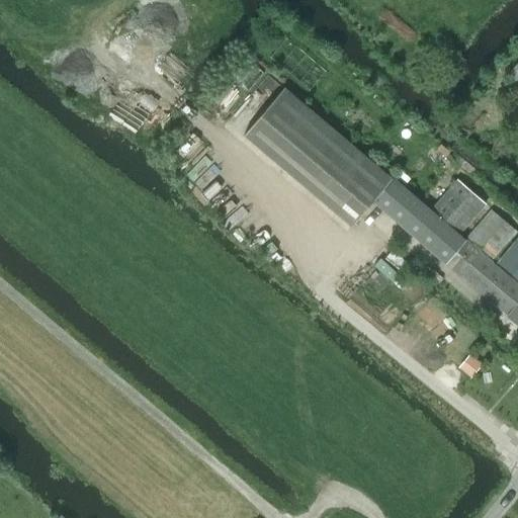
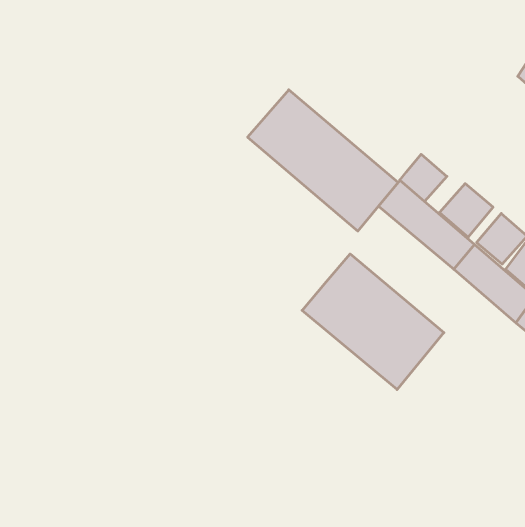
building: none -> [400,154,447,201]
building: none -> [302,254,444,390]

